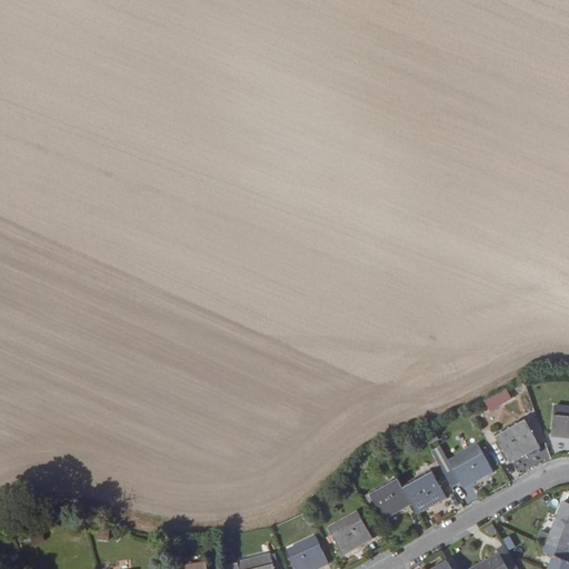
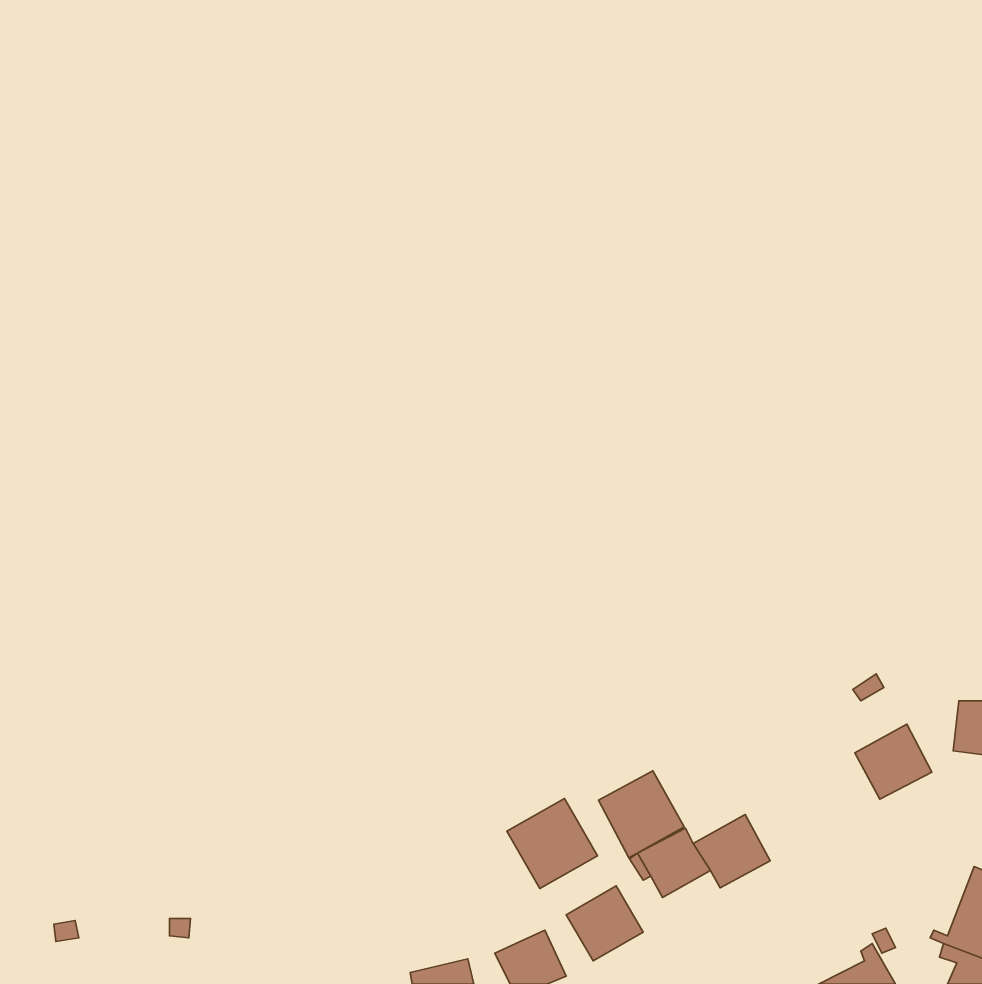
building: [448,445,492,487] -> none
building: none -> [599,771,684,858]
building: none -> [507,798,598,889]

